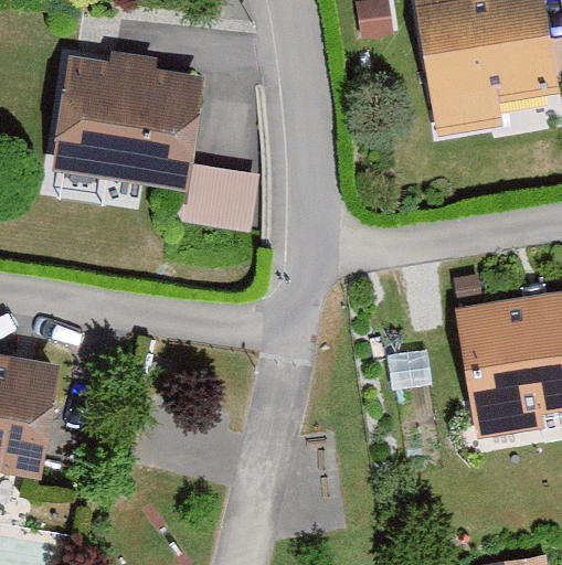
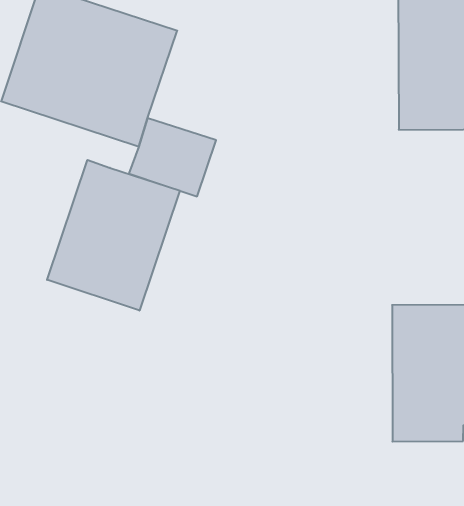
building: none -> [47,160,180,311]

